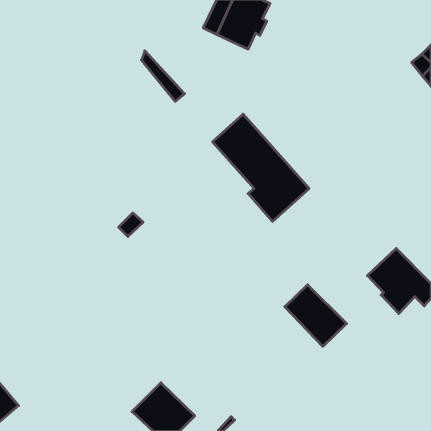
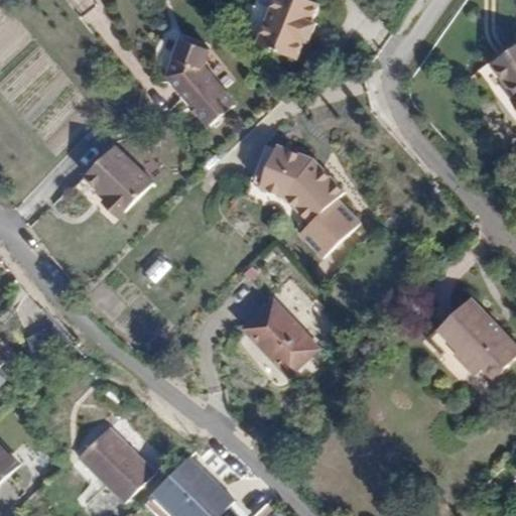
building: none -> [172,35,234,112]
building: none -> [83,146,148,217]
building: [285,285,347,346] -> [244,302,317,376]
building: none -> [74,434,151,509]

